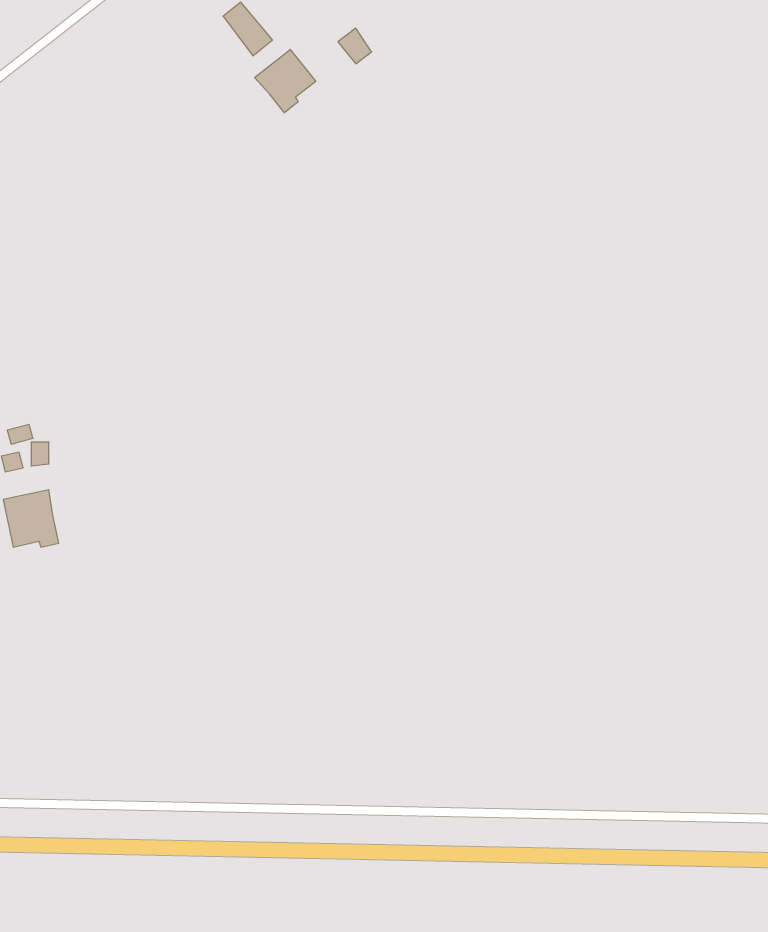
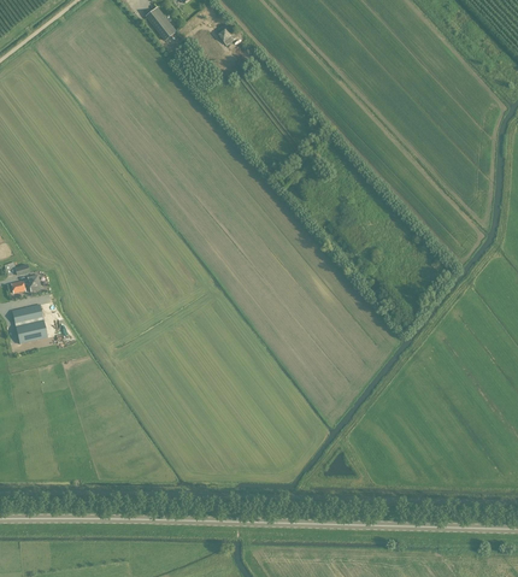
building: [255,49,316,113] -> none

